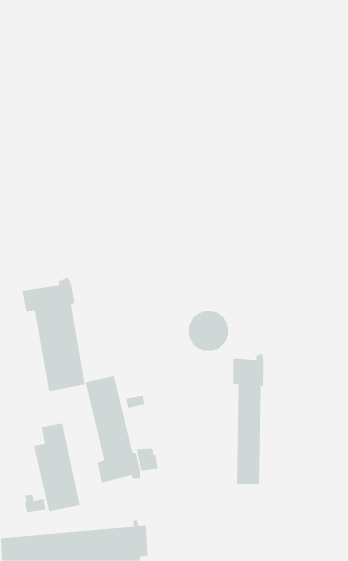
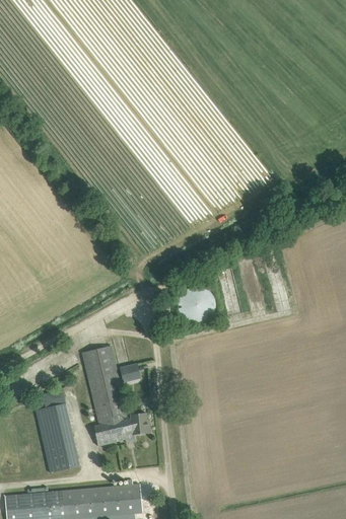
building: [22,277,85,392] -> none
building: [233,353,264,485] -> none

